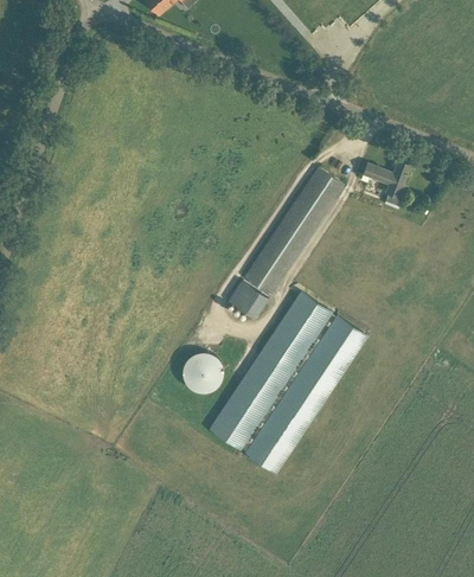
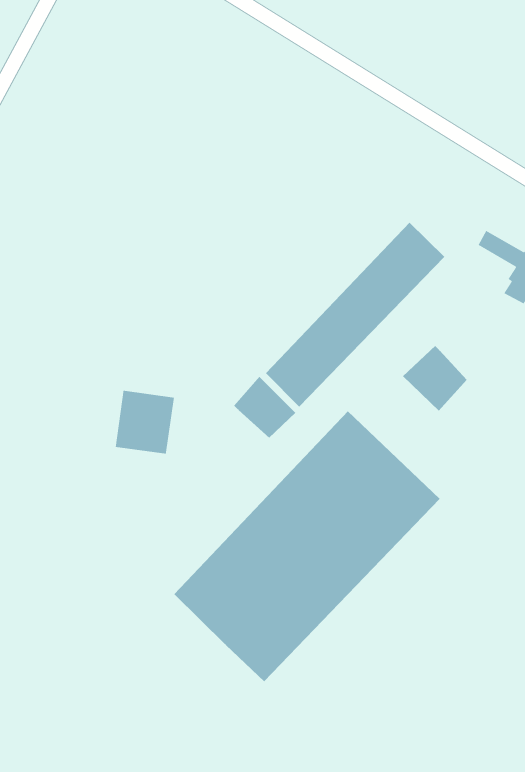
building: none -> [402,345,468,412]
building: [186,353,220,391] -> [115,390,175,455]

